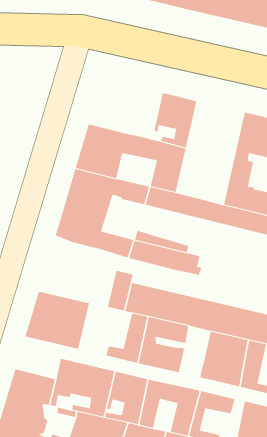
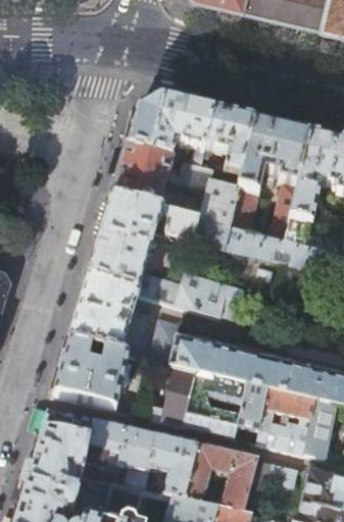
building: none -> [126,97,212,164]
building: none -> [229,119,308,241]
building: none -> [67,276,150,356]
building: none -> [236,382,268,429]
building: none -> [40,409,93,445]

